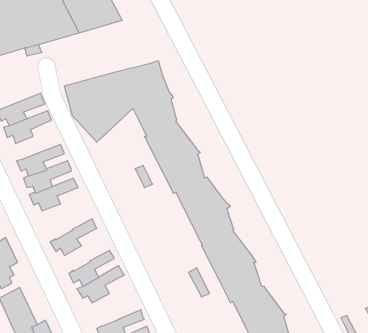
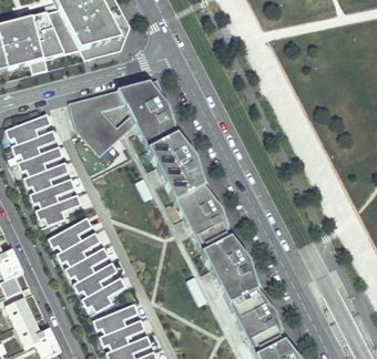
building: none -> [18,143,63,174]
building: none -> [48,215,92,250]
building: none -> [64,245,108,280]
building: none -> [92,300,139,332]

